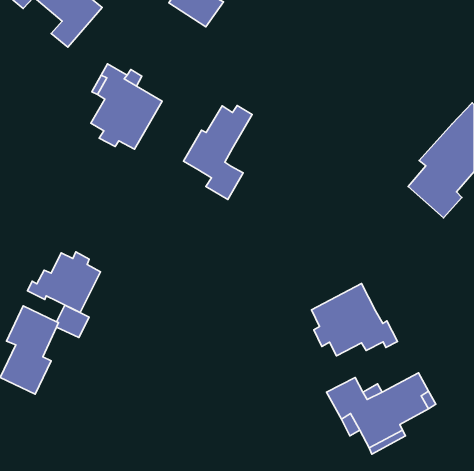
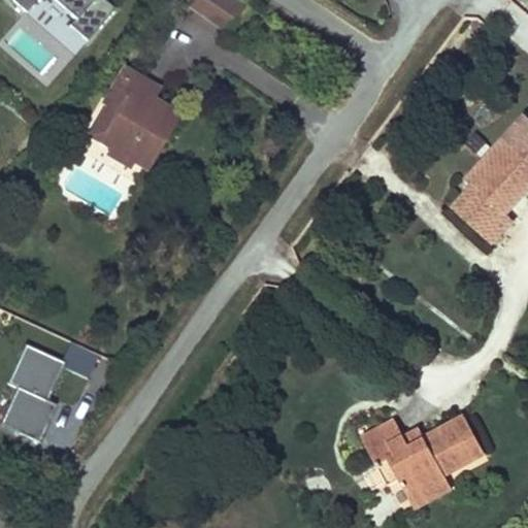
building: [184,105,252,200] -> none
building: [28,252,101,313] -> none
building: [311,284,397,356] -> none

